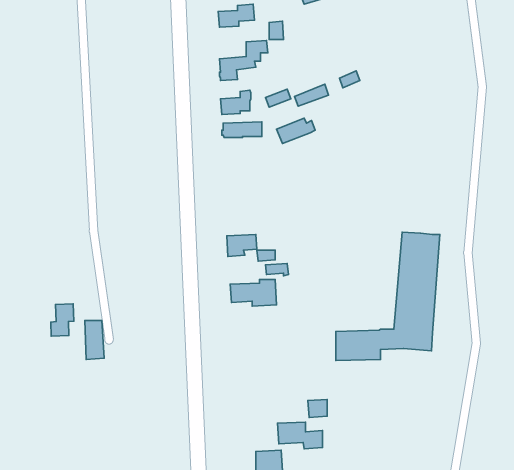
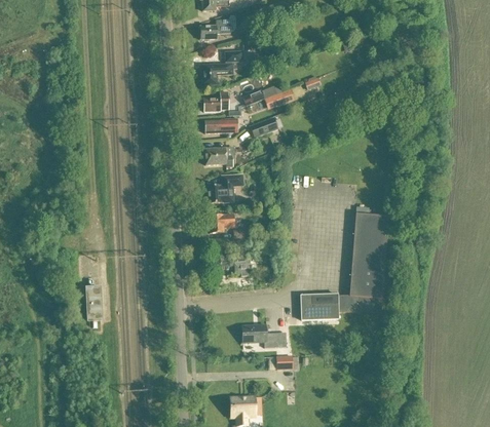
building: none -> [204,147,234,166]
building: none -> [205,177,243,204]
building: [51,304,74,336] -> none
building: [278,422,322,449] -> [243,324,281,347]

